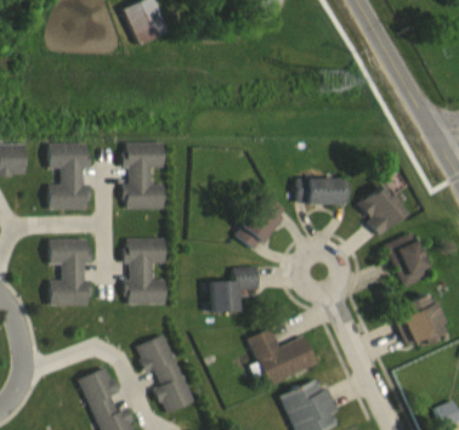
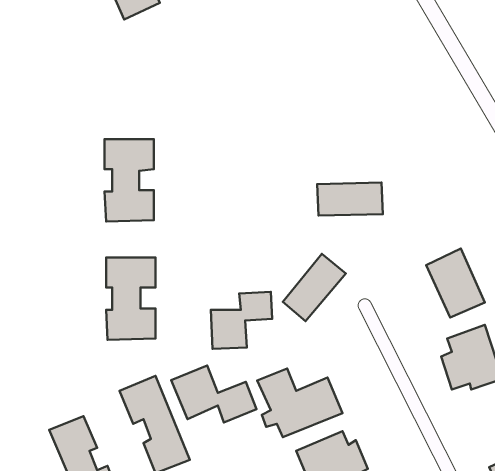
building: [49,143,89,209] -> none
building: [359,183,407,236] -> none
building: [236,194,287,249] -> [283,254,346,321]
building: [49,238,90,305] -> none
building: none -> [171,366,257,422]

